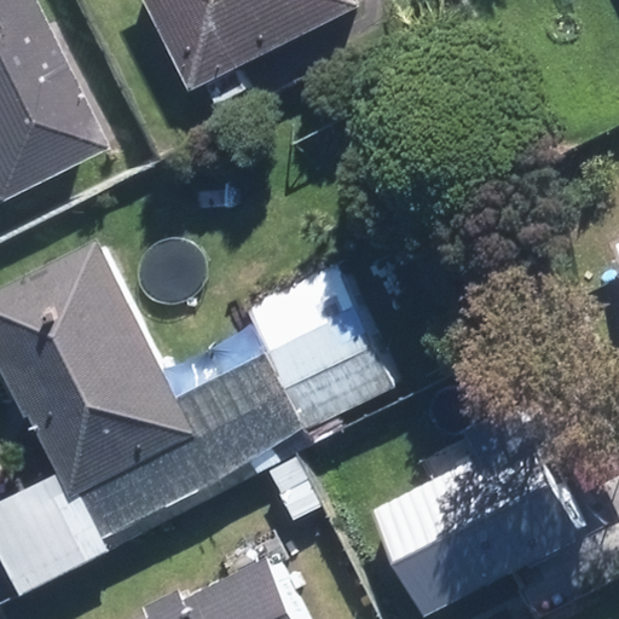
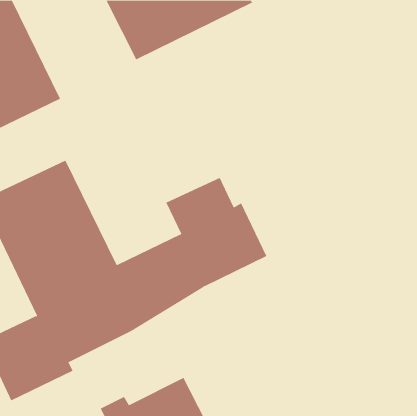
building: [372,399,582,612] -> none

